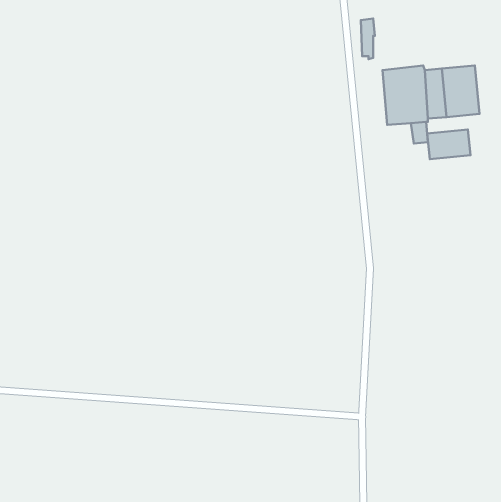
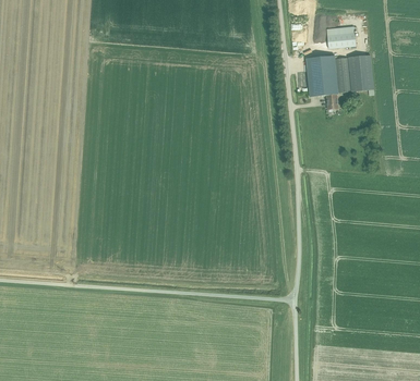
building: none -> [327,25,356,48]
building: [427,130,470,159] -> none

